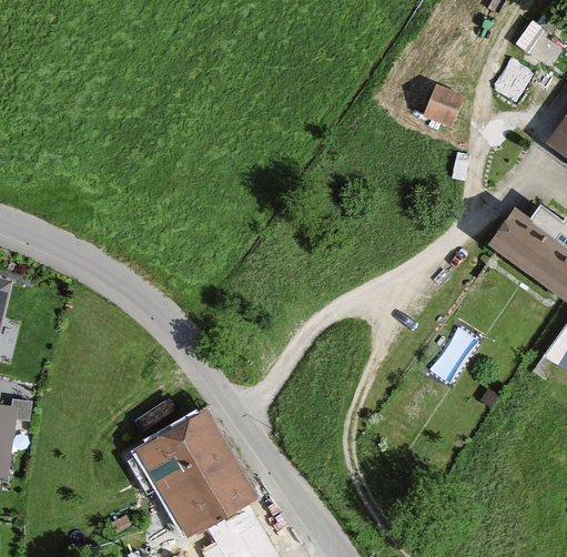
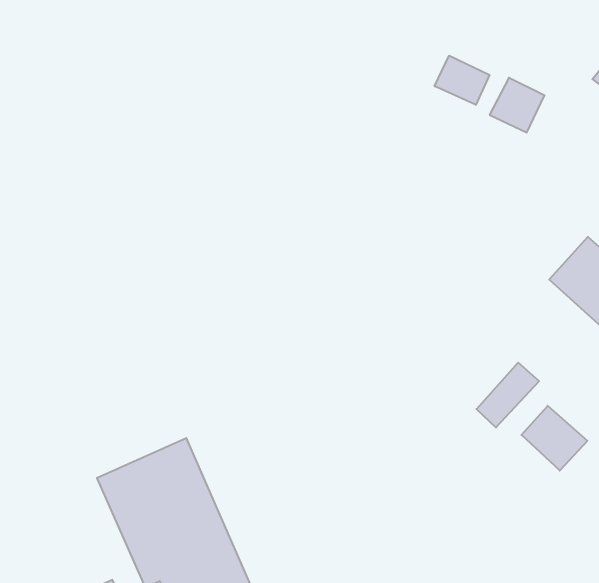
building: none -> [435,56,490,105]
building: none -> [521,406,587,471]

